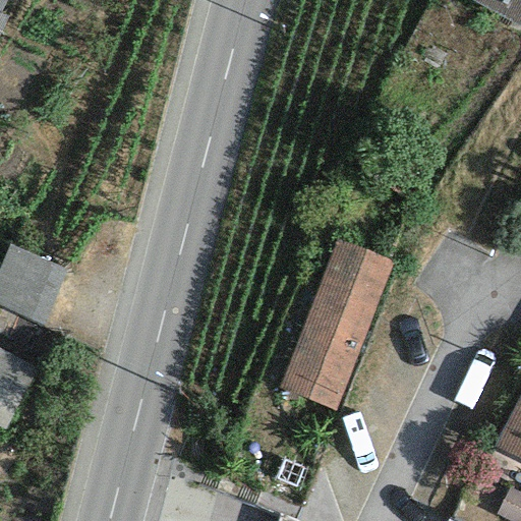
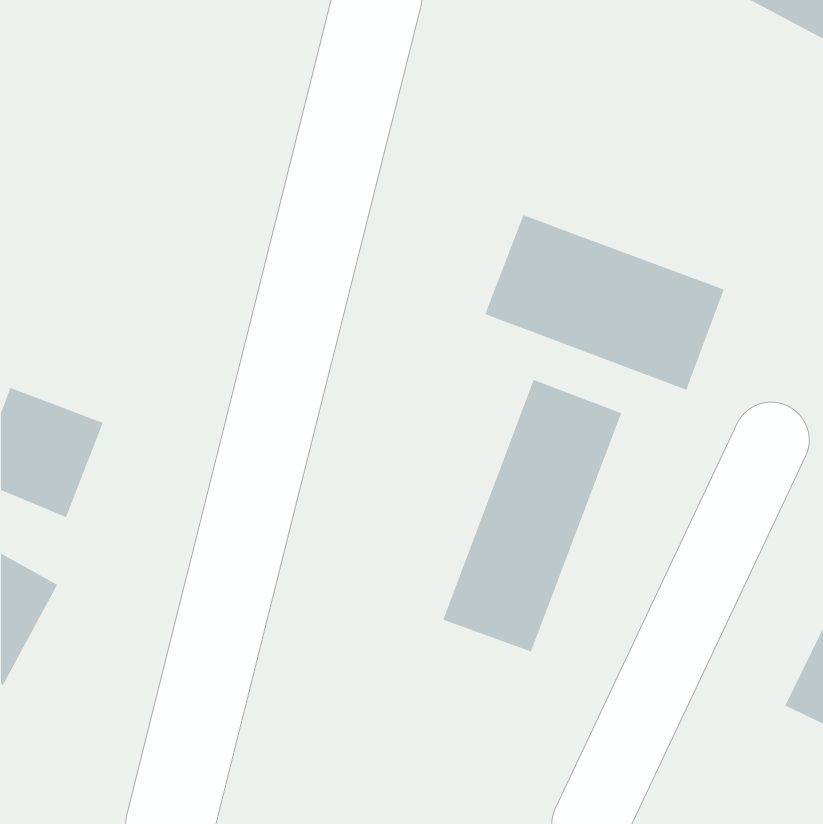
building: none -> [484,214,725,391]

